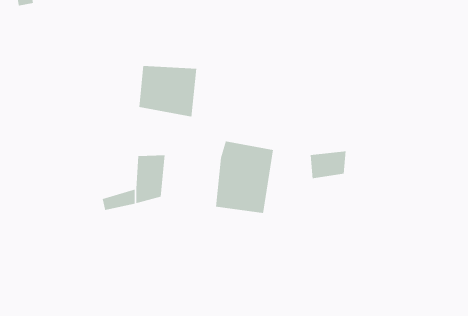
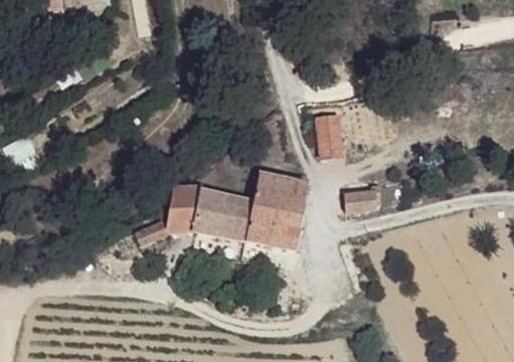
building: [139,65,197,117] -> [194,188,253,240]
building: none -> [314,114,340,158]

